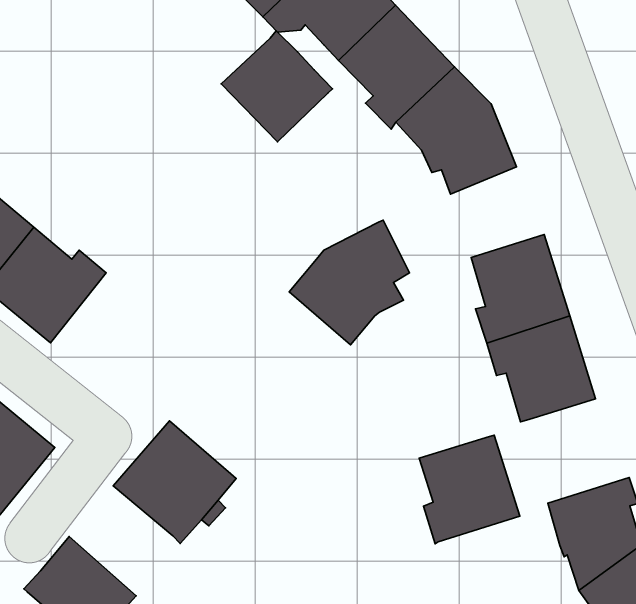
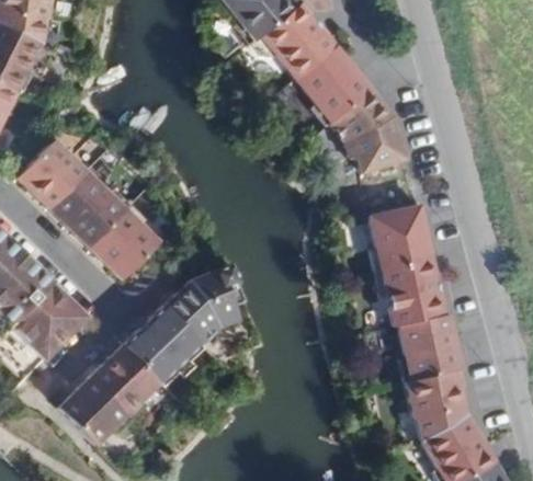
building: [221,31,332,142] -> none
building: [289,220,410,345] -> [165,264,245,344]
building: none -> [91,205,160,279]
building: [419,435,520,544] -> [400,314,463,382]
building: none -> [92,345,160,419]

